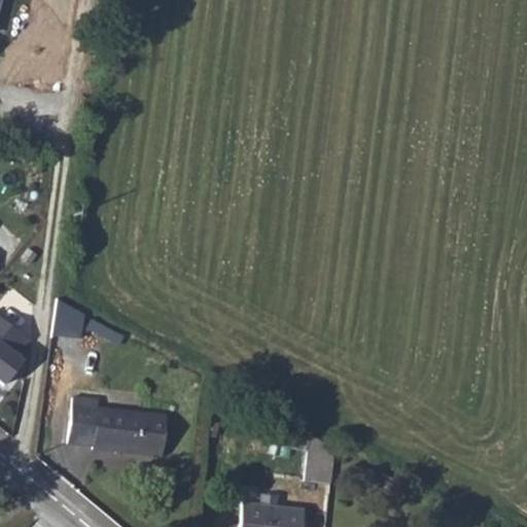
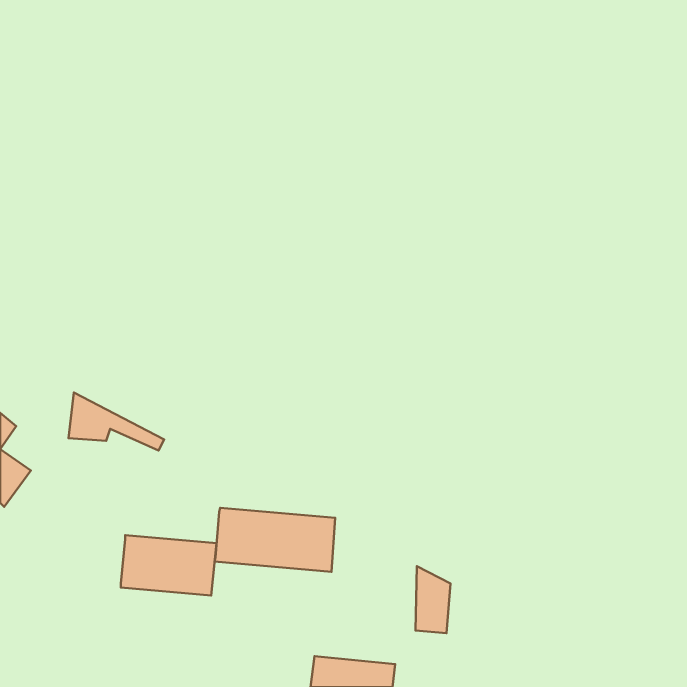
building: none -> [215,508,335,572]
building: [67,410,96,447] -> none

